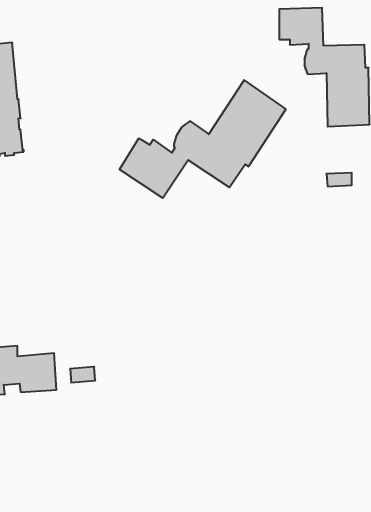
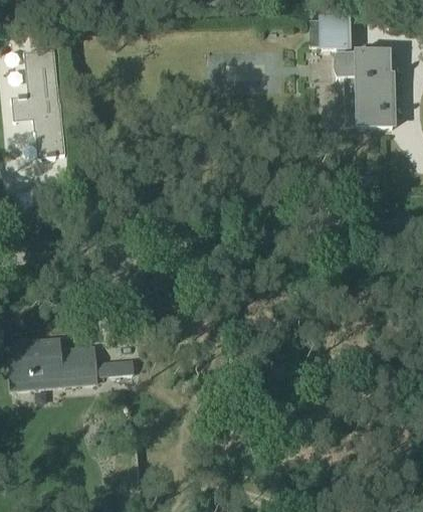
building: [120,80,286,198] -> none

